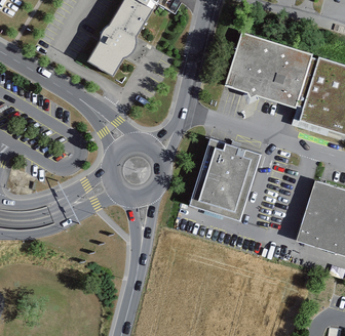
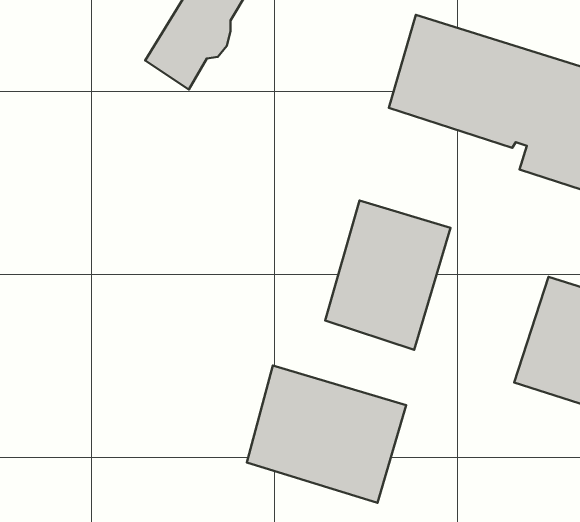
building: none -> [247,365,406,503]

